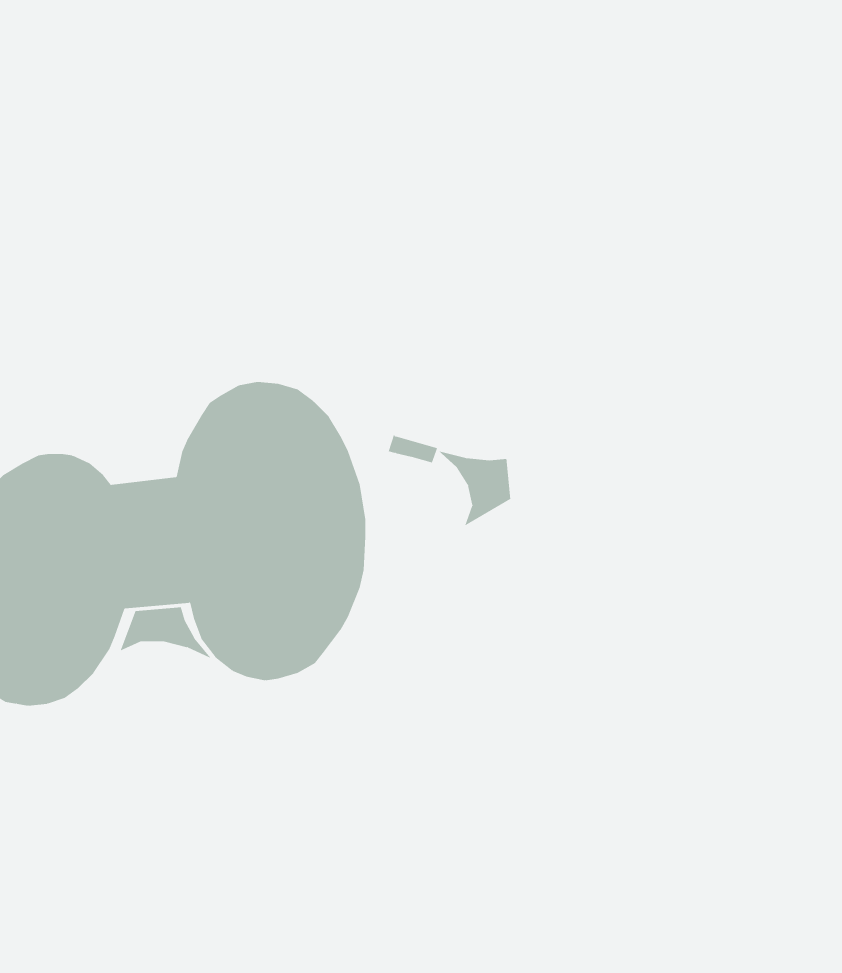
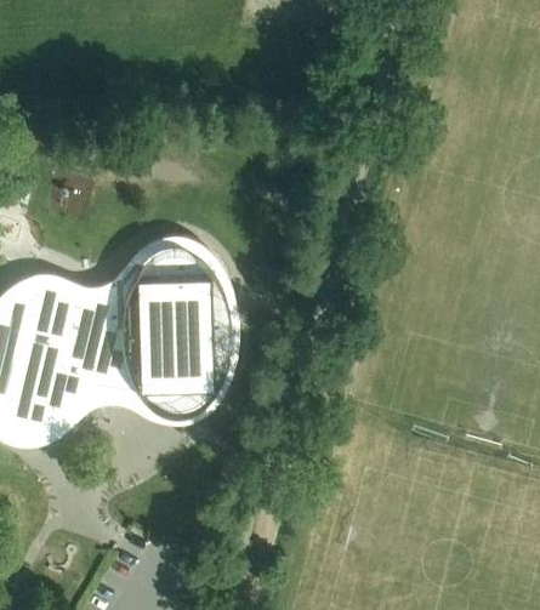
building: [437,450,511,527] -> none

